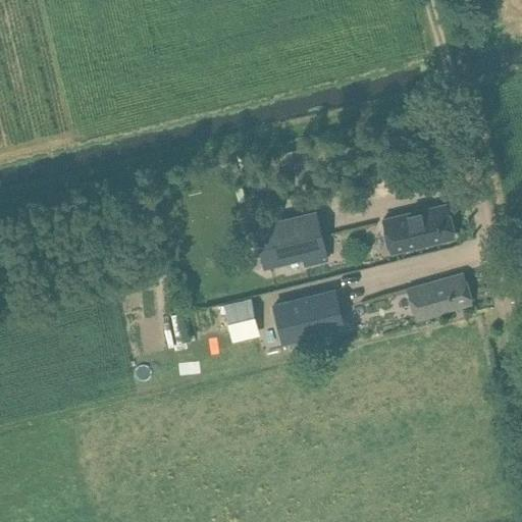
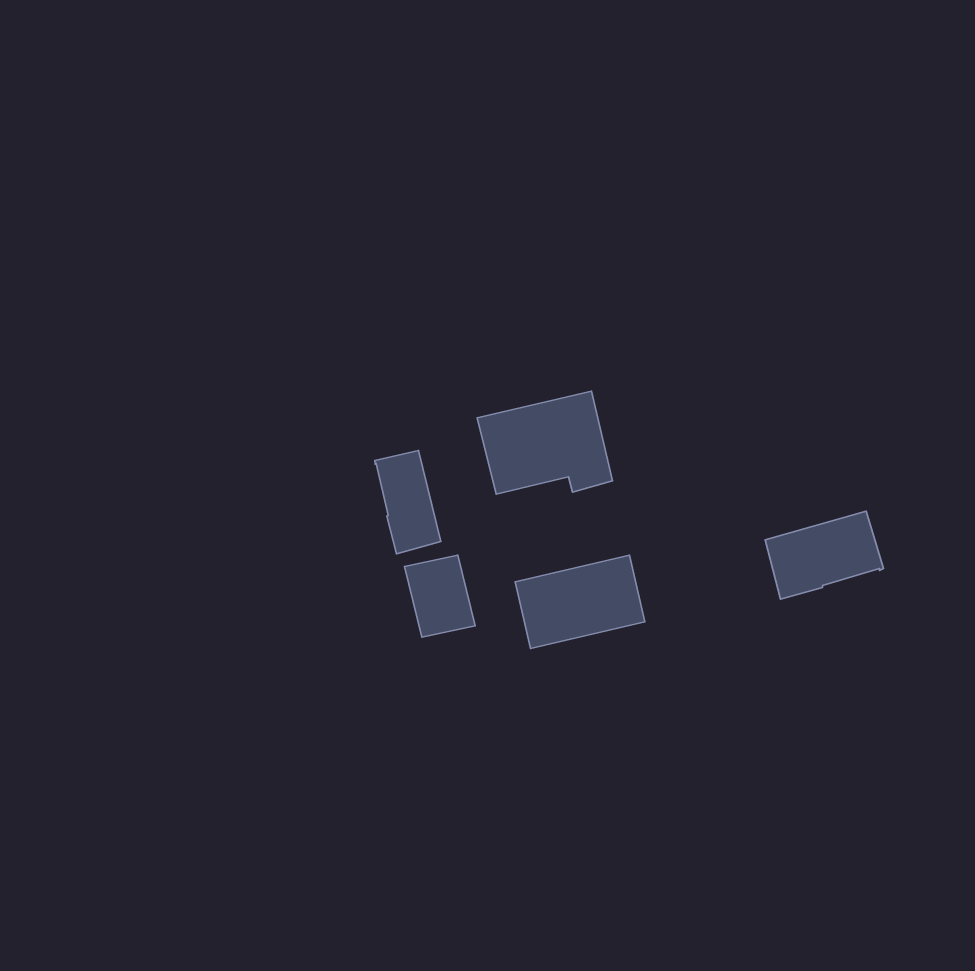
building: [382,207,455,255] -> none
building: none -> [375,451,441,554]

